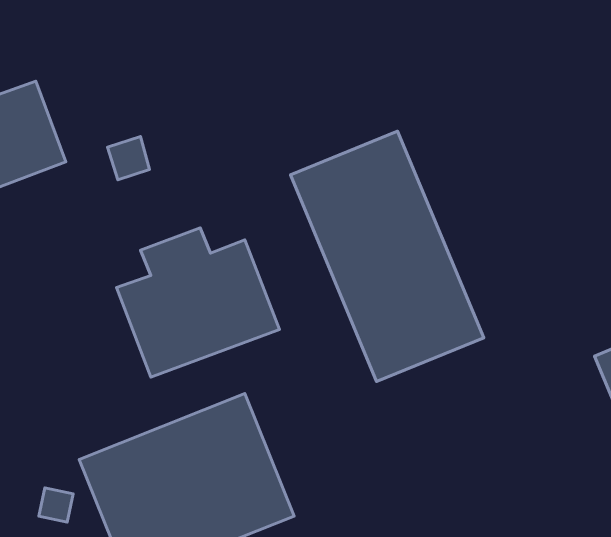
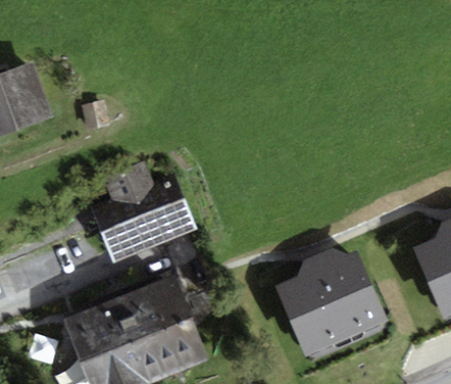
building: [290,131,484,382] -> none
building: none -> [275,245,387,357]

